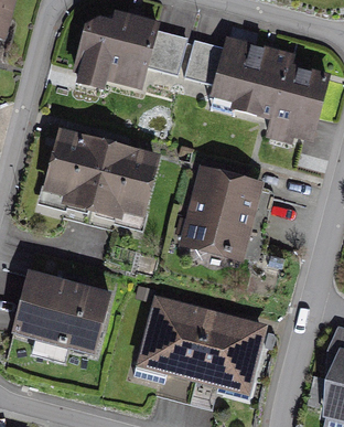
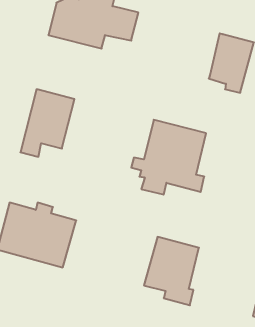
building: [184,39,292,116] -> none
building: [93,145,154,234] -> none
building: [133,300,209,380] -> none

